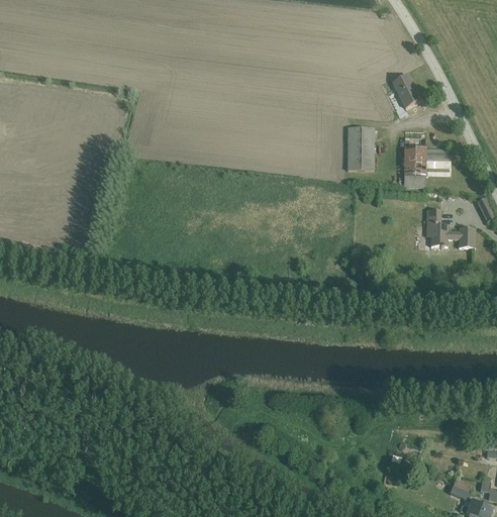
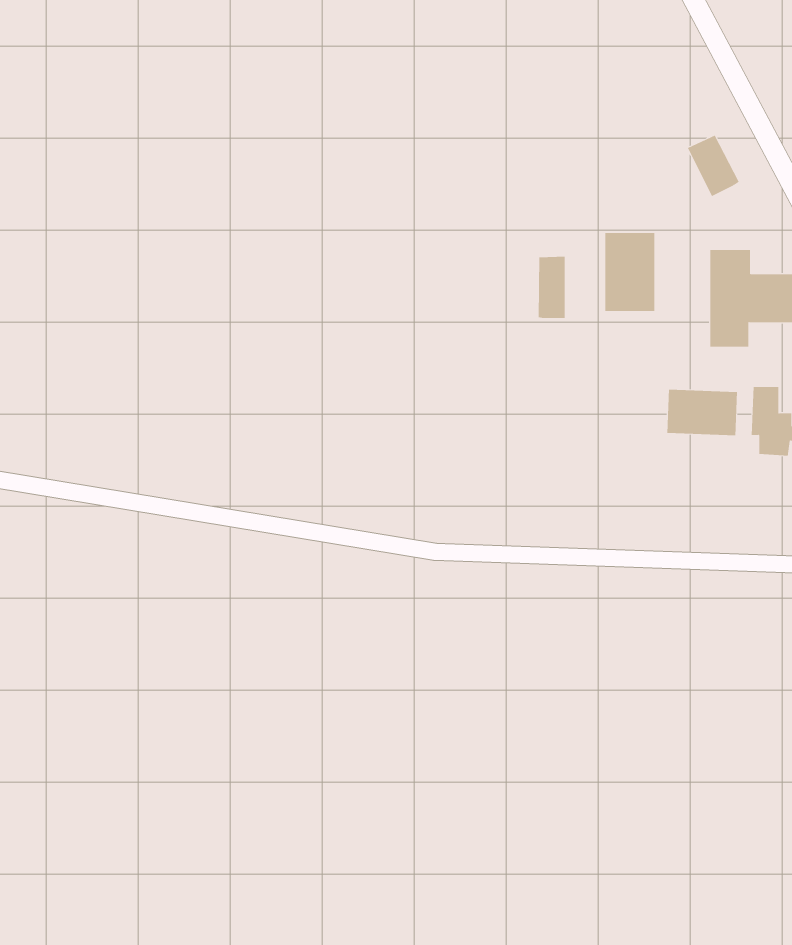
building: none -> [538,256,565,319]
building: none -> [667,389,737,436]

